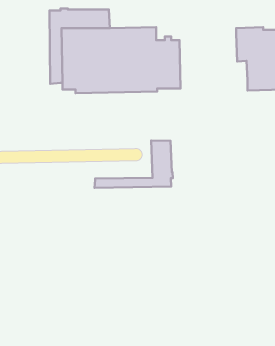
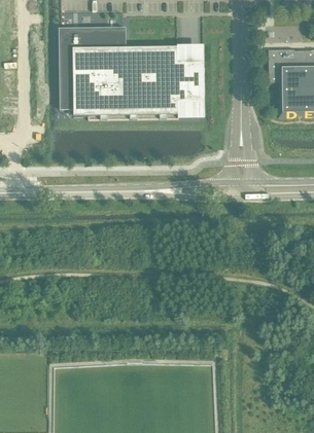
building: [95,141,173,188] -> none

